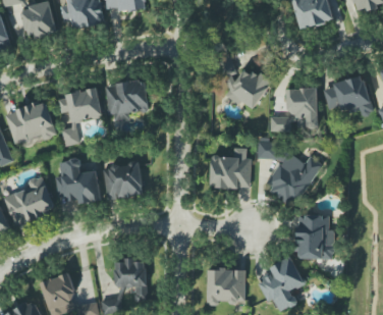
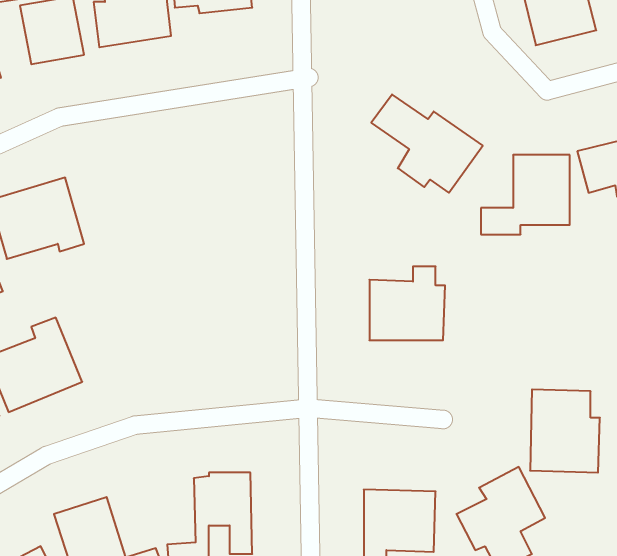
building: [106,80,148,121] -> none
building: [57,88,103,146] -> none
building: [257,137,322,202] -> none
building: [56,158,100,203] -> none
building: [103,162,144,200] -> none

